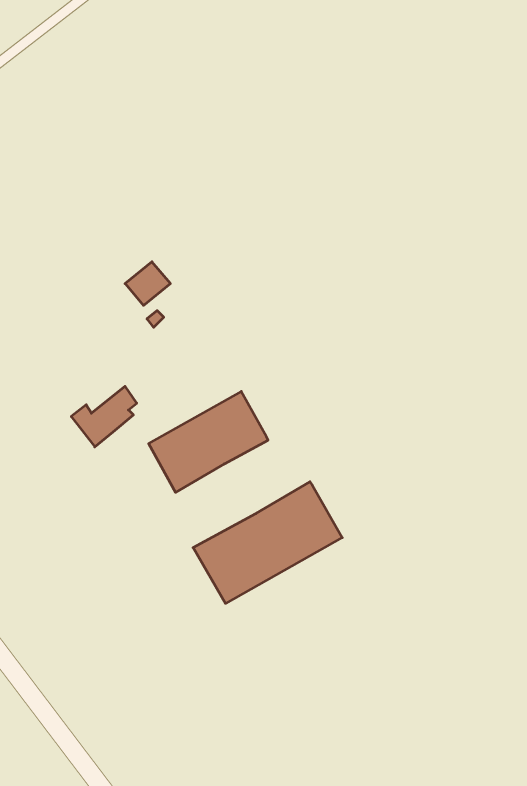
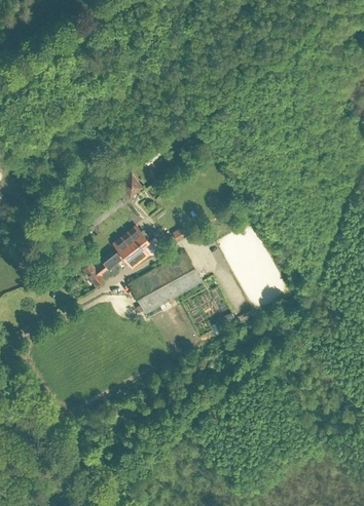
building: none -> [113,226,148,269]
building: [193,482,342,603] -> none

